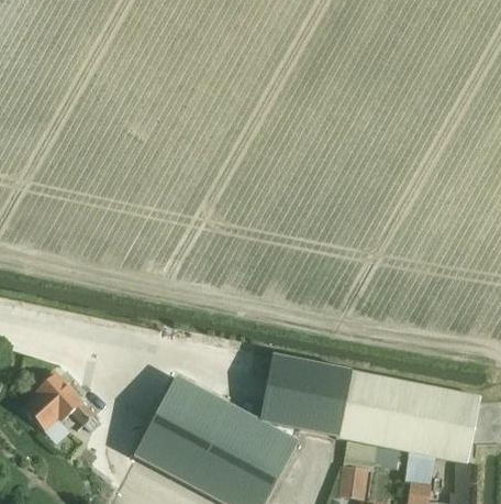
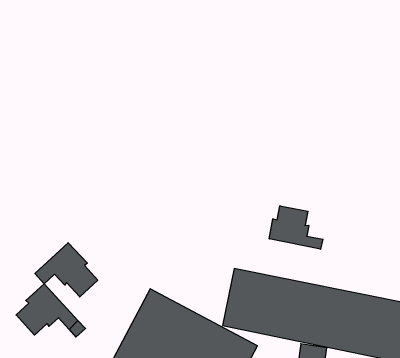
building: none -> [269,206,323,249]
building: none -> [35,243,98,297]

